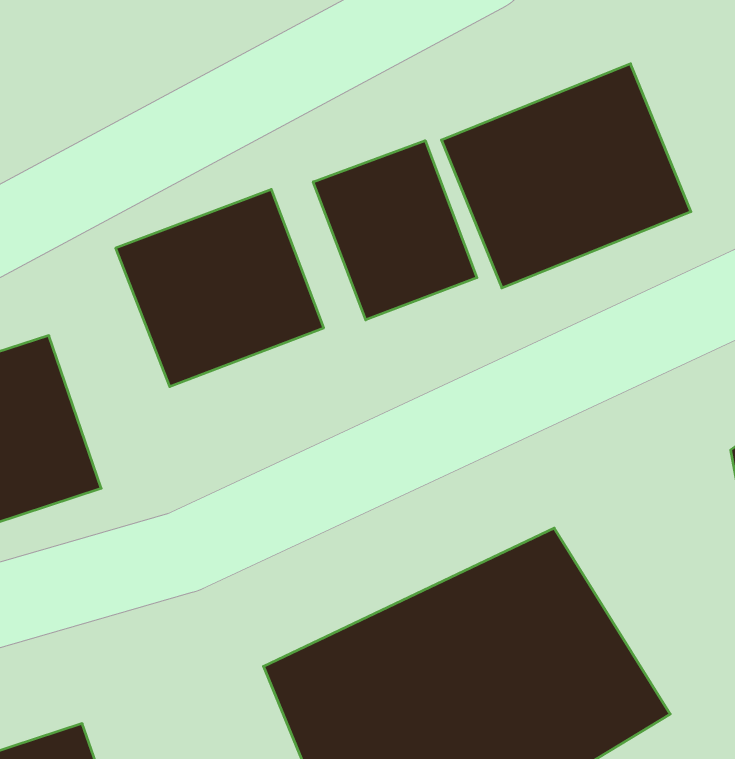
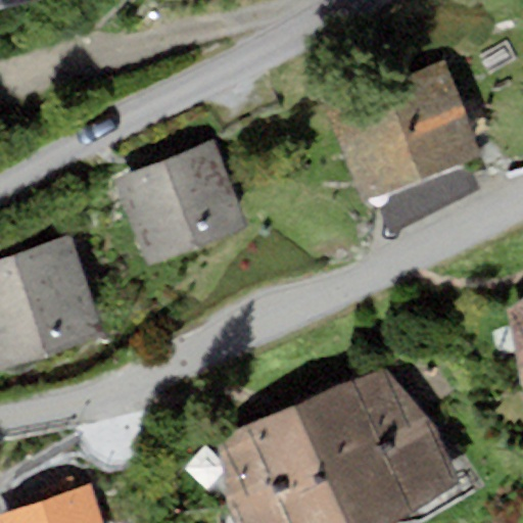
building: [313,141,477,320] -> none

